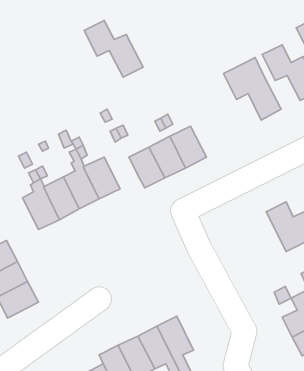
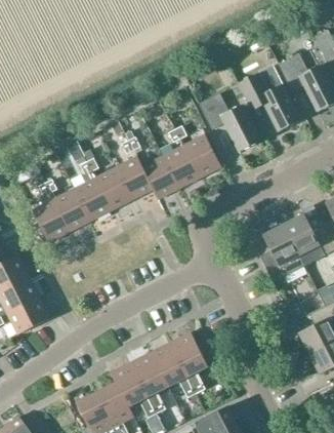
building: [84,21,143,77] -> [199,91,259,150]
building: none -> [116,157,153,201]
building: none -> [259,225,303,281]

